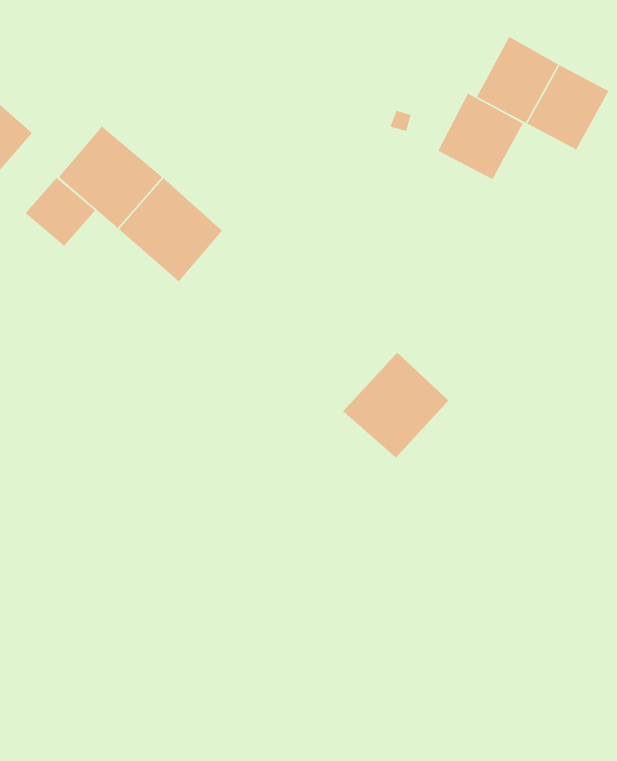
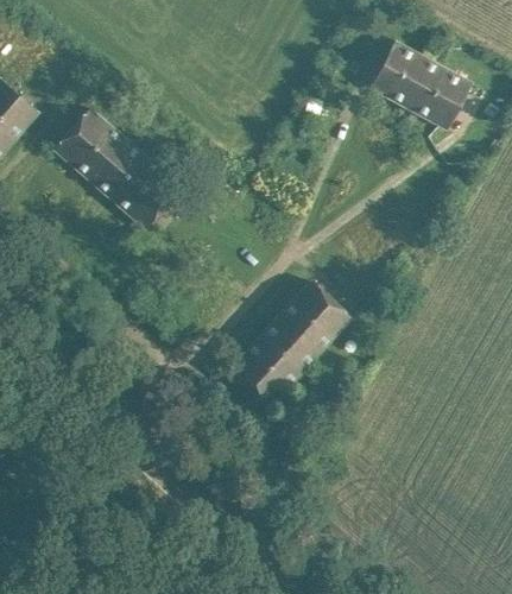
building: [437,93,524,180] -> none
building: [25,177,96,247] -> none
building: none -> [229,326,310,406]

